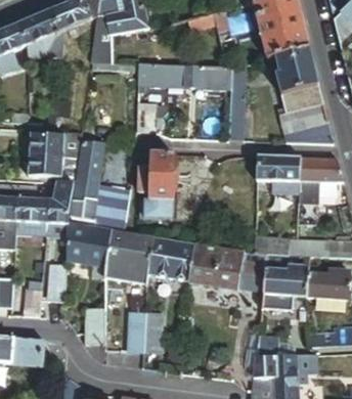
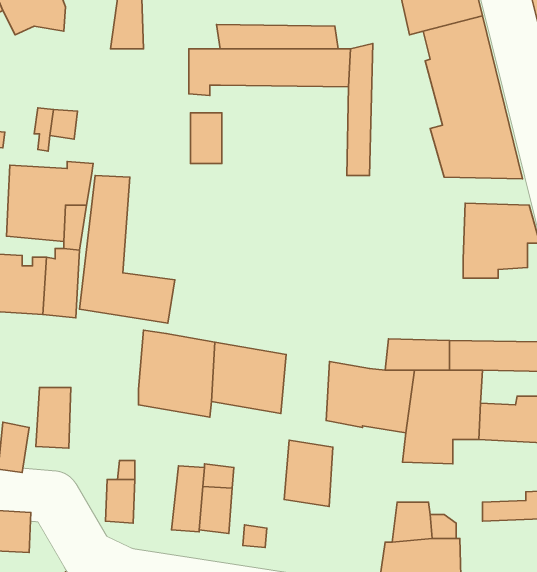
building: [134,154,174,221] -> none
building: [256,157,299,190] -> none
building: [68,225,109,267] -> none
building: [190,247,219,285] -> [284,440,333,506]

